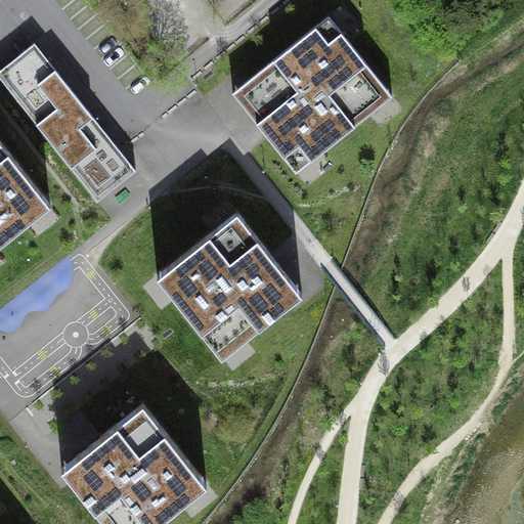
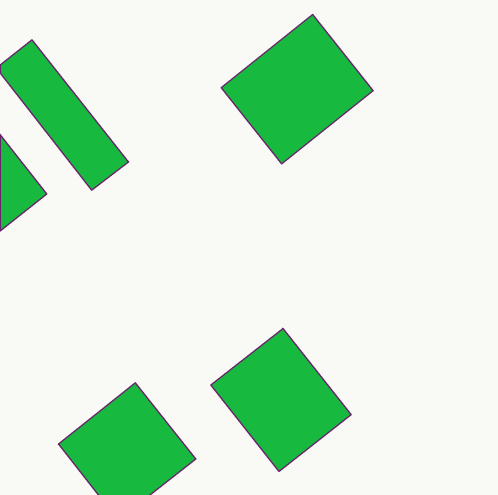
building: [157,215,302,359] -> none
building: none -> [211,328,351,471]

